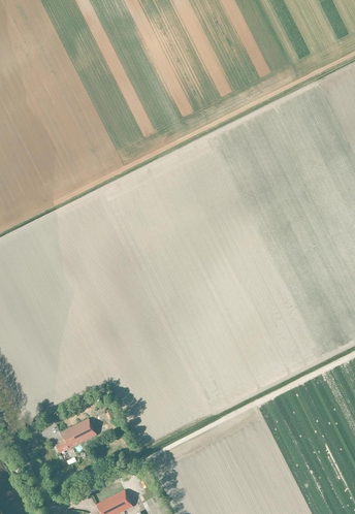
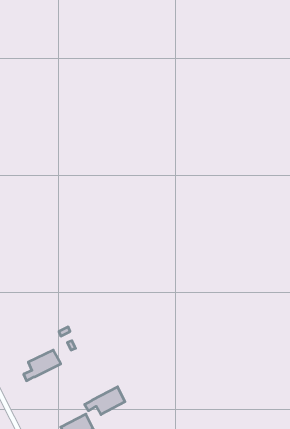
building: none -> [85,387,125,415]

